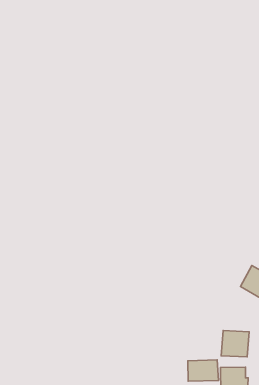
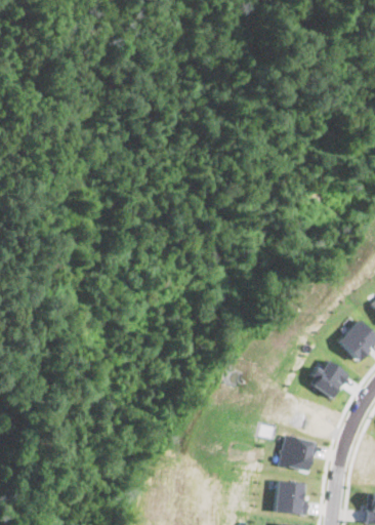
building: [188,360,219,381] -> none

